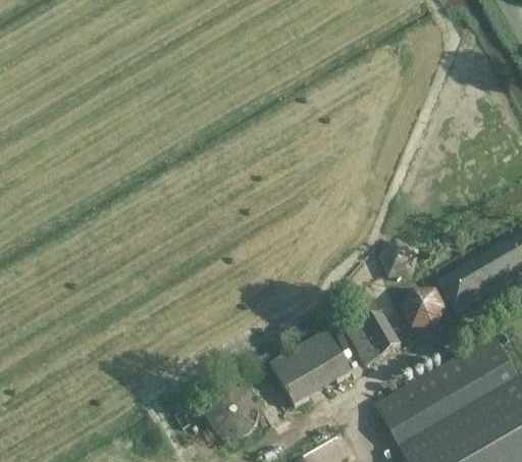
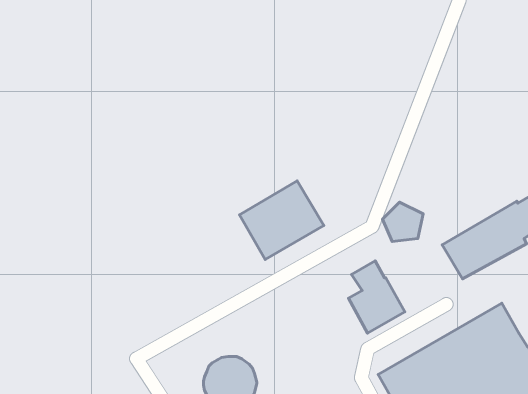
building: [399,279,452,333] -> none
building: [271,328,352,404] -> [240,181,324,259]

